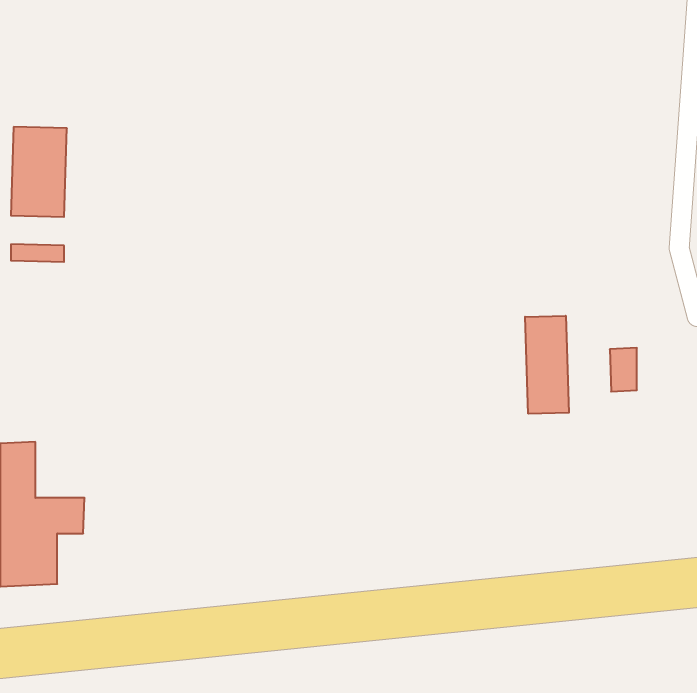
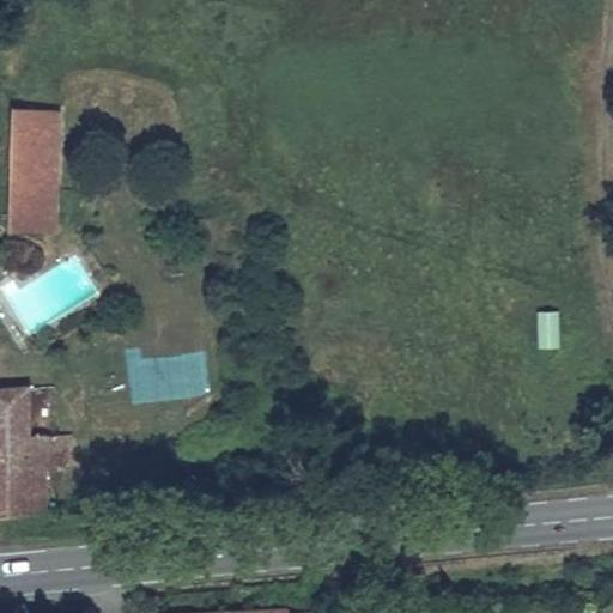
building: none -> [10,189,56,216]
building: [525,316,569,414] -> none

